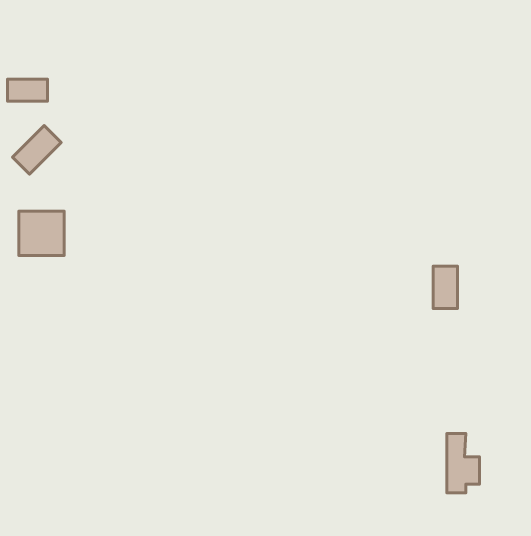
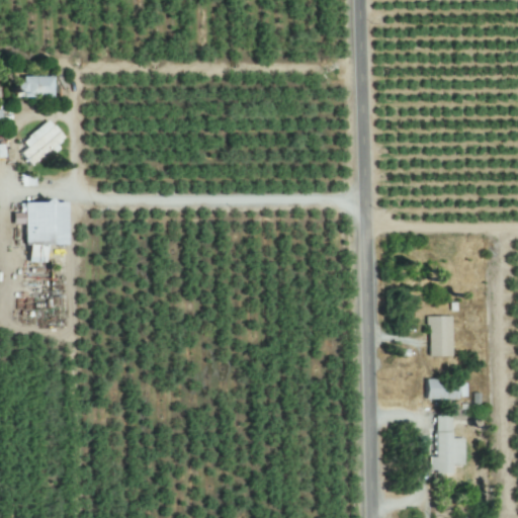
building: [433,266,458,308] -> [431,317,454,357]
building: none -> [427,379,460,399]

